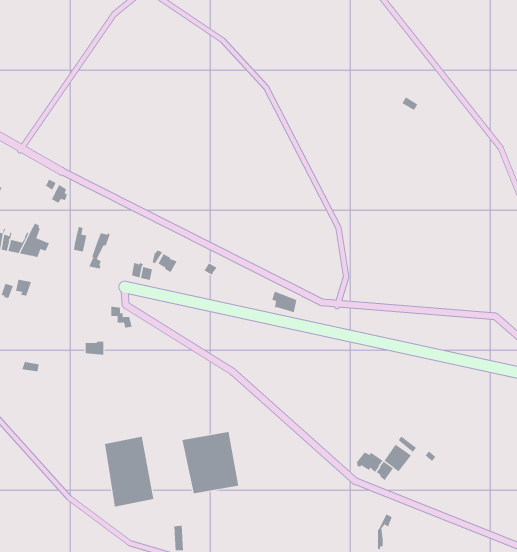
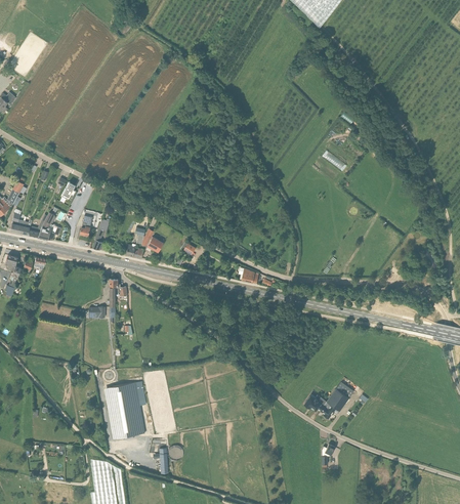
building: [182,431,239,494] -> none

